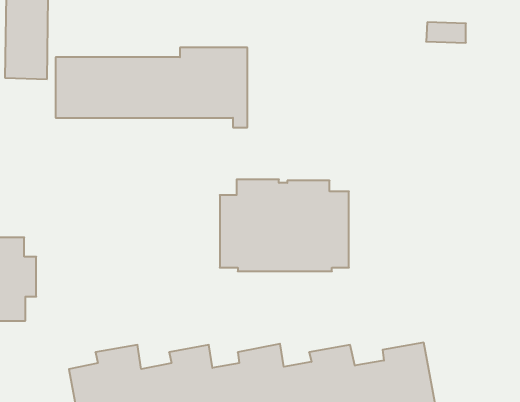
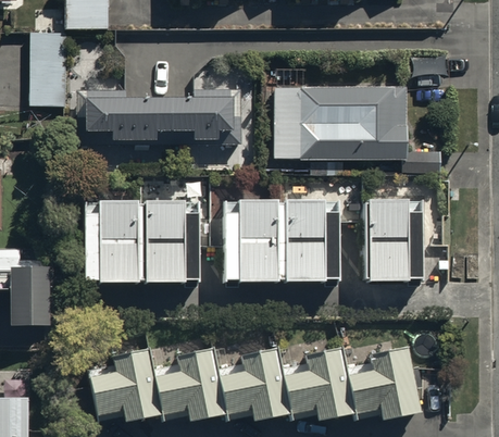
building: none -> [273,85,438,175]
building: none -> [365,197,421,283]
building: none -> [84,199,197,283]

